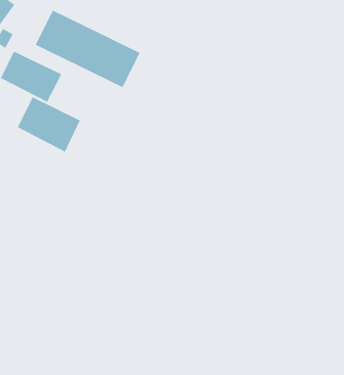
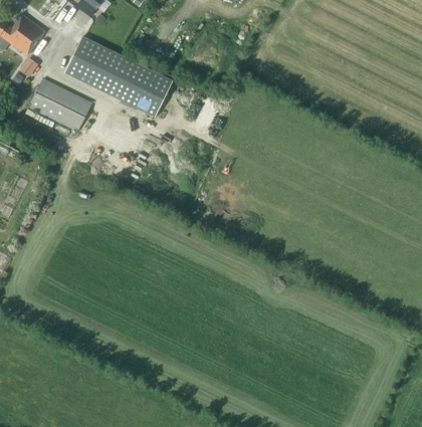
building: [17,97,81,152] -> none

